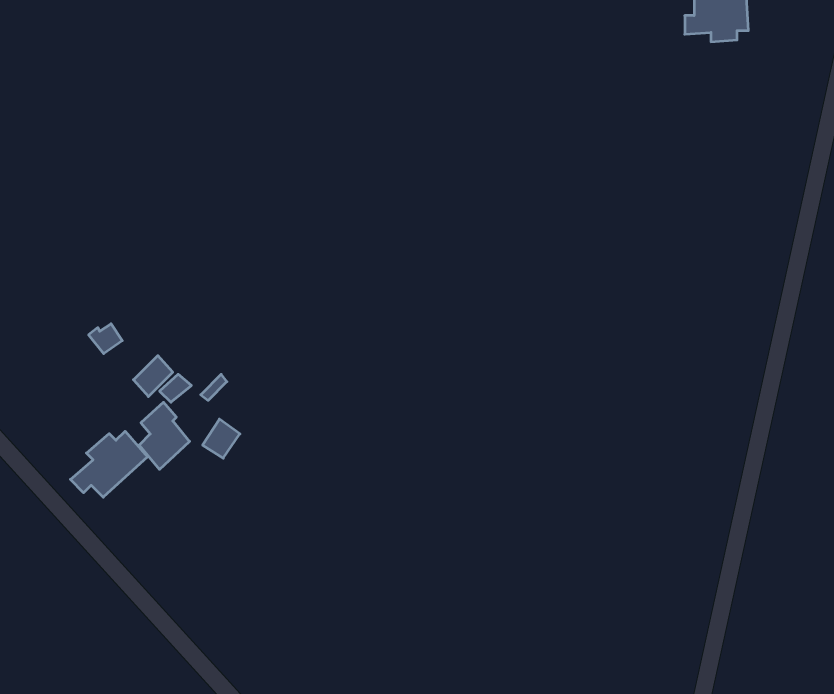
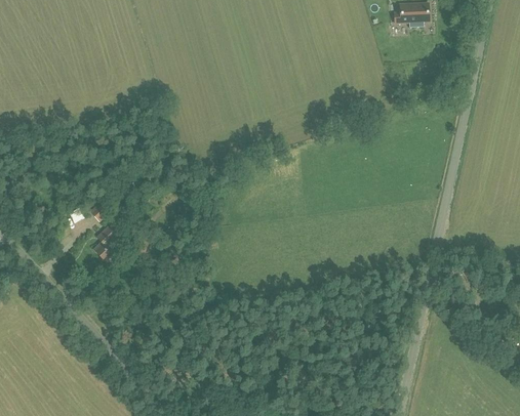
building: [70,431,147,497] -> none

